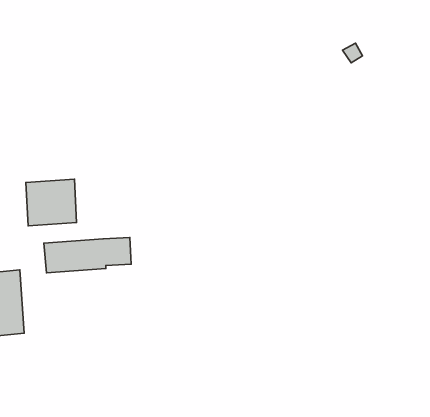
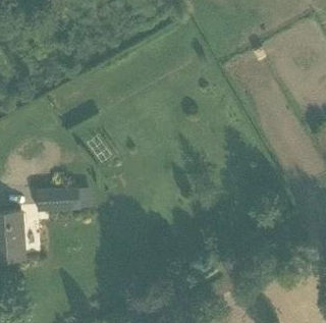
building: [26,179,76,226] -> none

